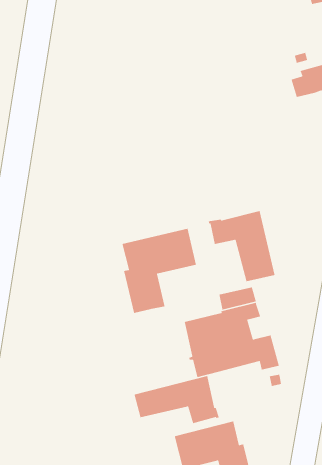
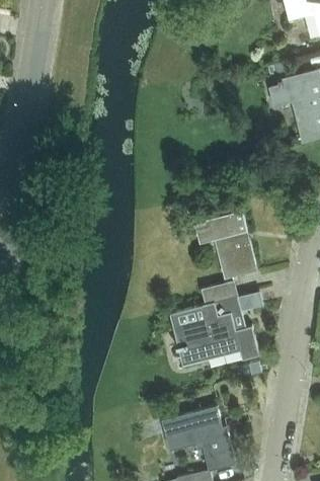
building: [121,228,197,314] -> none
building: [133,375,220,424] -> none

